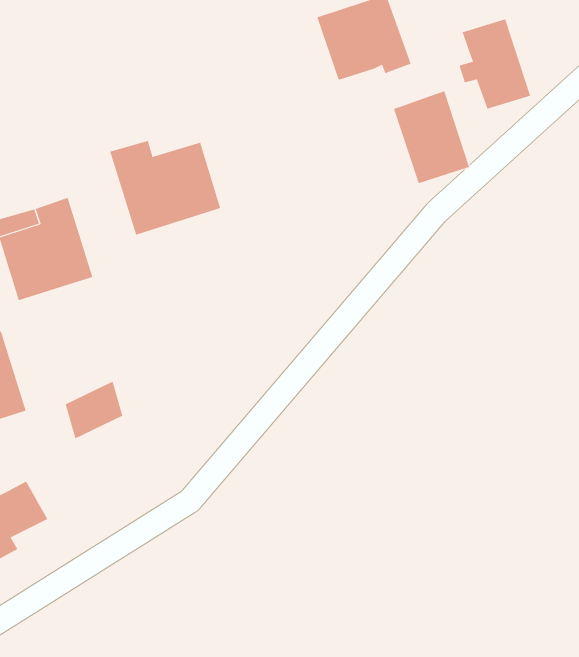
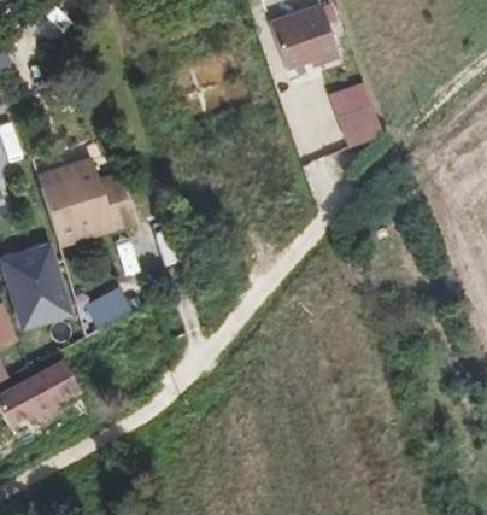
building: [459,19,531,110] -> none
building: [109,140,221,235] -> none

